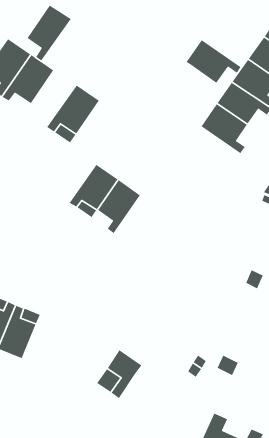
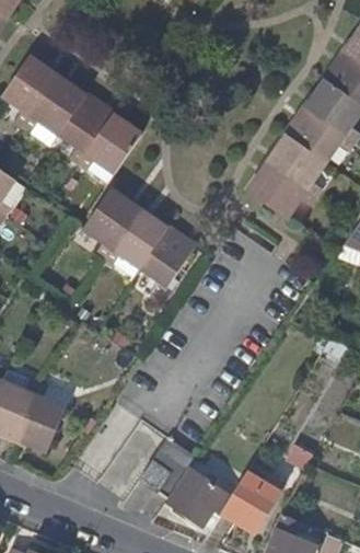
building: [26,4,72,61] -> [58,94,114,164]
building: [185,39,242,84] -> [246,163,315,218]
building: none -> [83,189,138,257]
building: none -> [165,466,212,525]
building: none -> [219,479,279,523]

